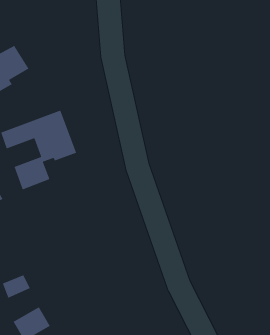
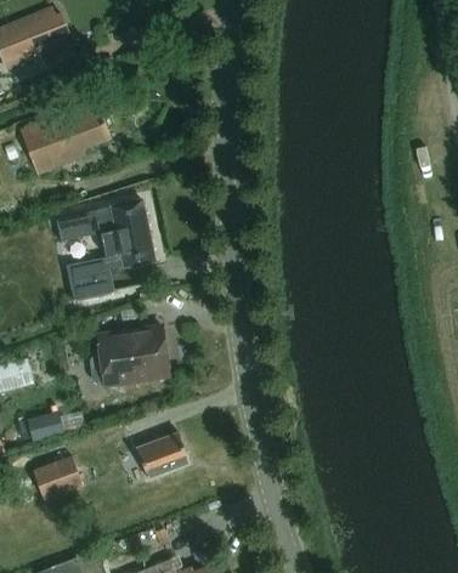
building: none -> [90,328,169,386]
building: none -> [136,433,190,481]

